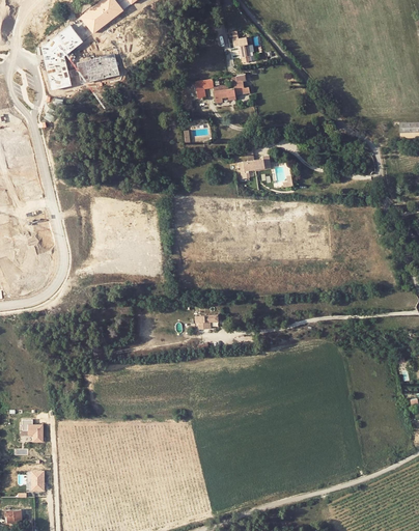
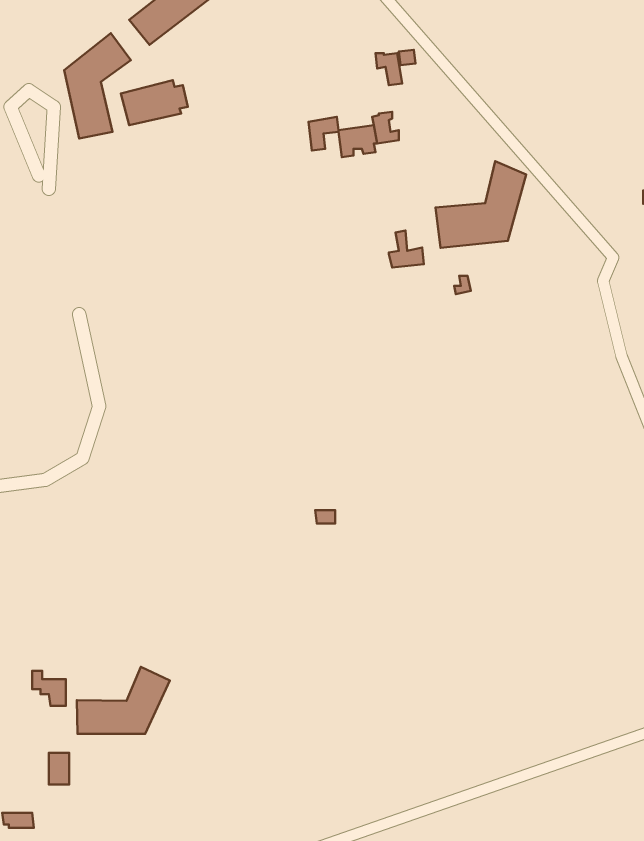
building: none -> [436,161,526,248]
building: none -> [77,667,170,734]

